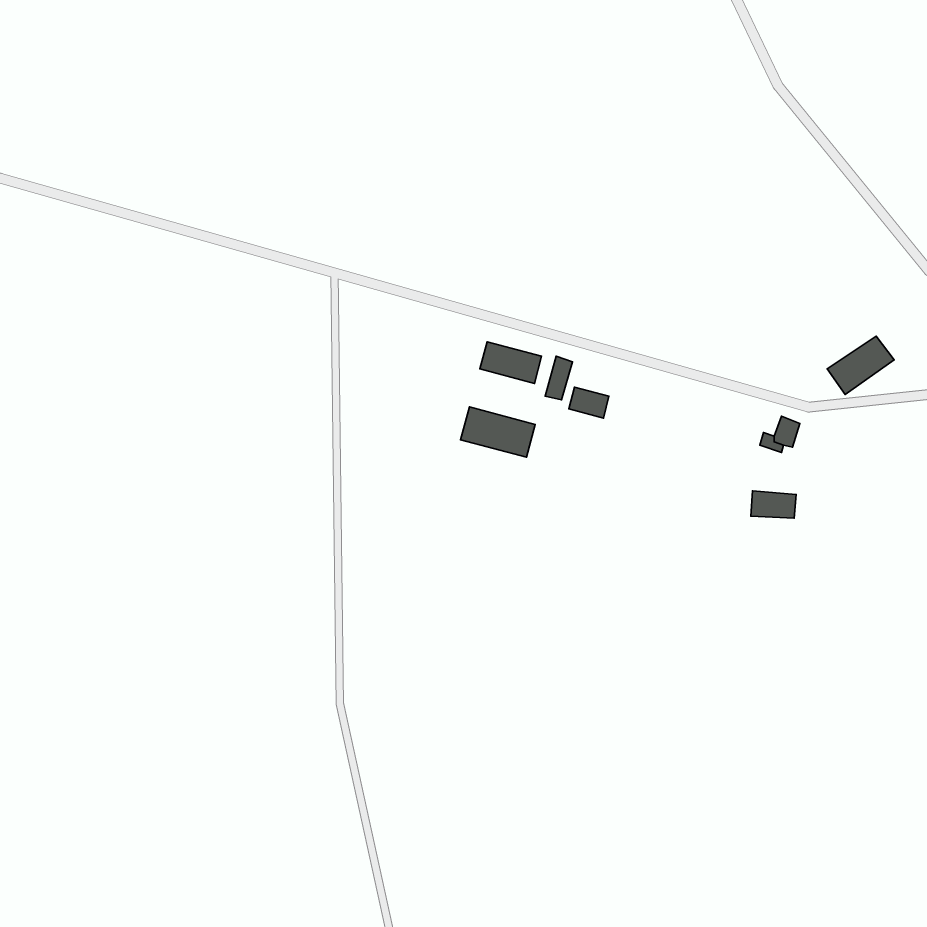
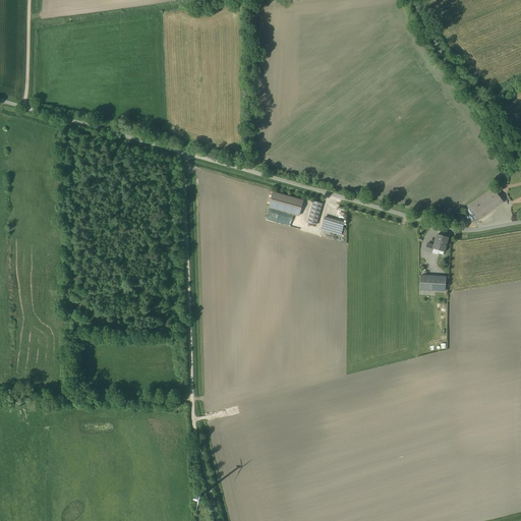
building: [461,407,535,457] -> none

